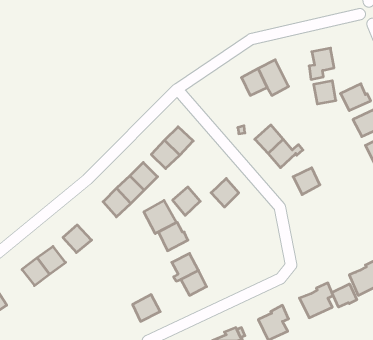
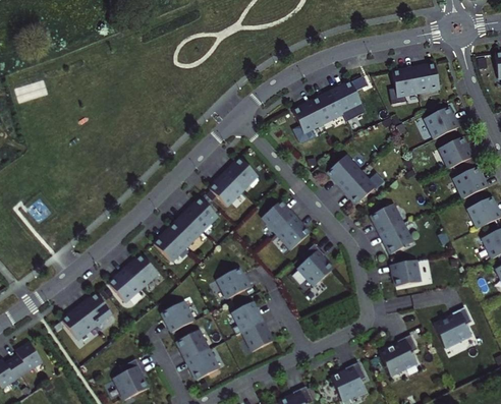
building: none -> [292,102,322,132]
building: [314,81,336,104] -> [413,64,439,91]
building: none -> [381,224,411,253]
building: [173,187,200,215] -> [263,200,294,233]
building: [144,200,176,234] -> none
building: none -> [297,244,333,286]
building: none -> [124,255,157,287]
building: none -> [390,259,421,286]
building: none -> [162,301,194,332]
building: none -> [177,330,209,360]
building: [332,284,357,307] -> none
building: none -> [111,359,144,396]

